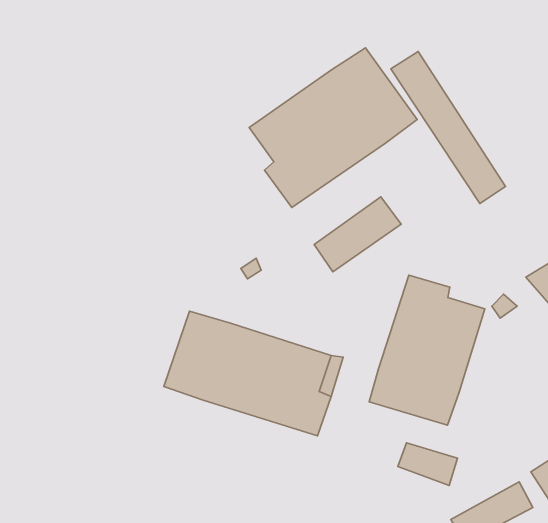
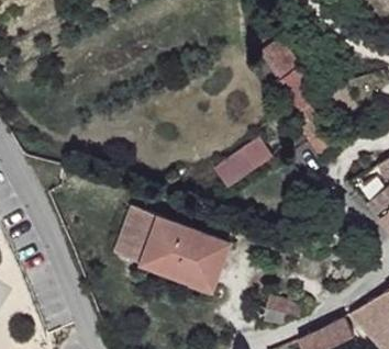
building: [249,48,417,208] -> none
building: [369,275,485,425] -> none

